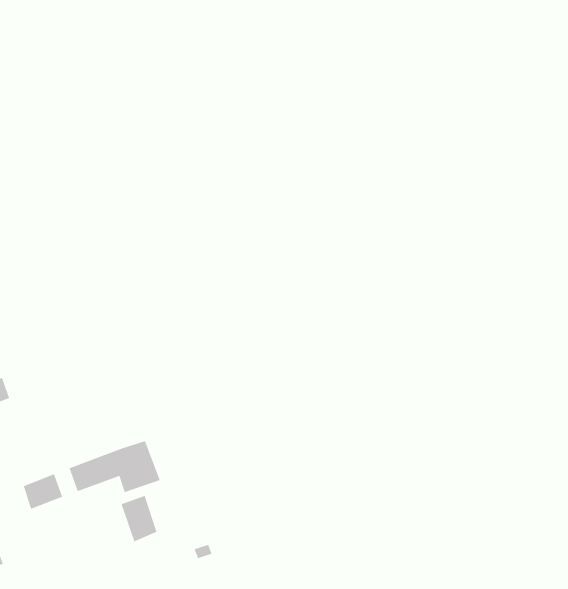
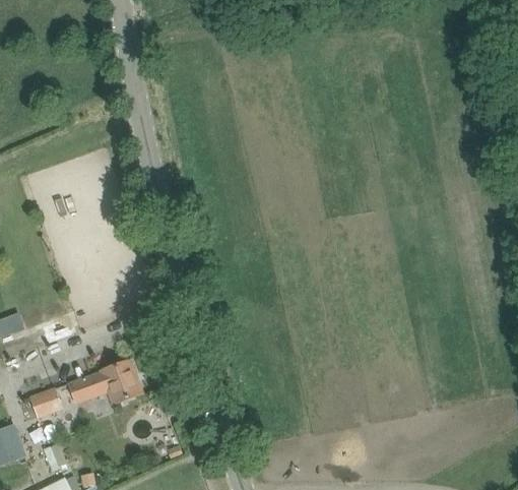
building: [121,495,158,542] -> none

